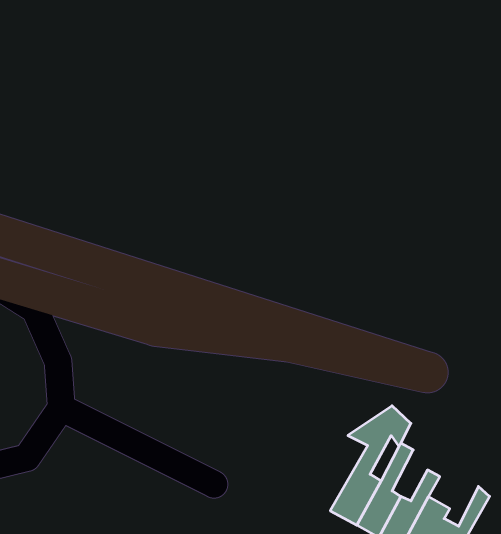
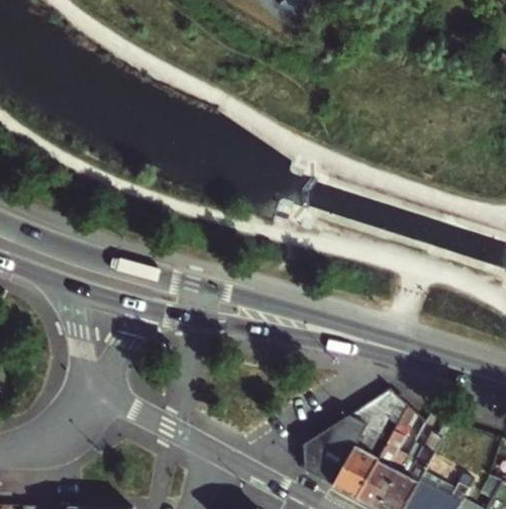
building: none -> [304,416,368,485]

